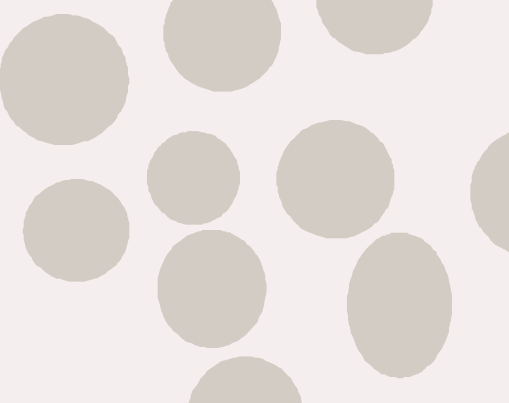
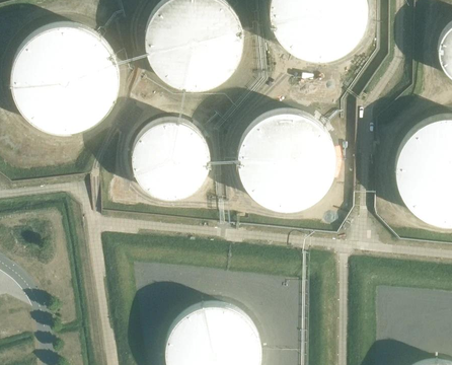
building: [22,178,130,282] -> none
building: [157,229,267,349] -> none
building: [346,232,452,379] -> none

